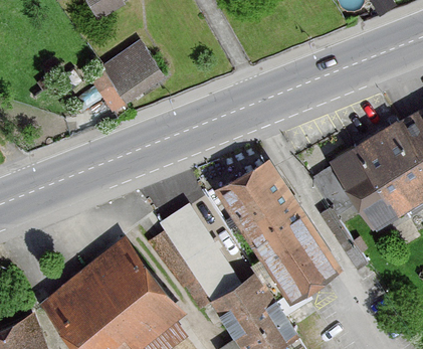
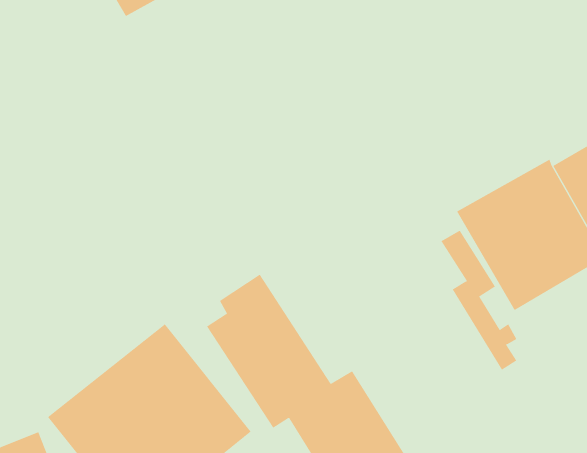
building: [88,41,164,112] -> none
building: [218,166,339,304] -> none

